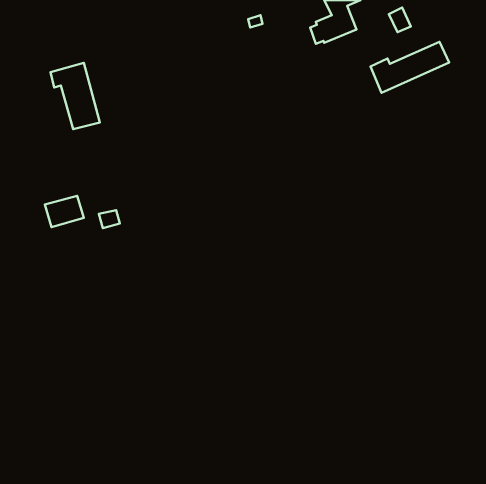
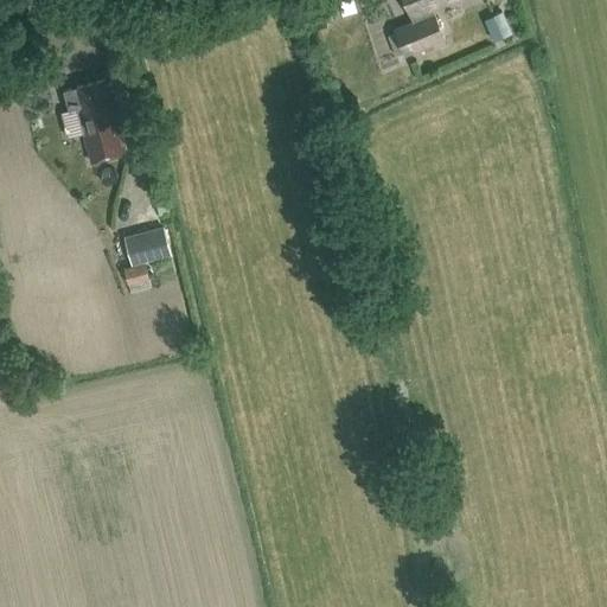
building: [370,42,449,93] -> none
building: [45,196,84,227] -> [122,226,171,266]

